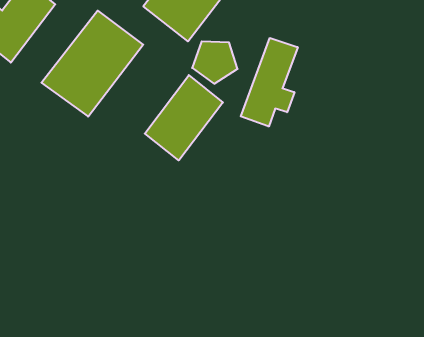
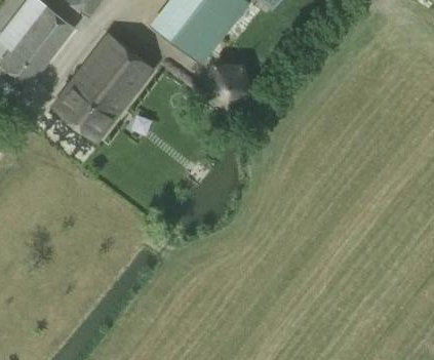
building: [241,38,298,126] -> none
building: [145,75,223,160] -> none

